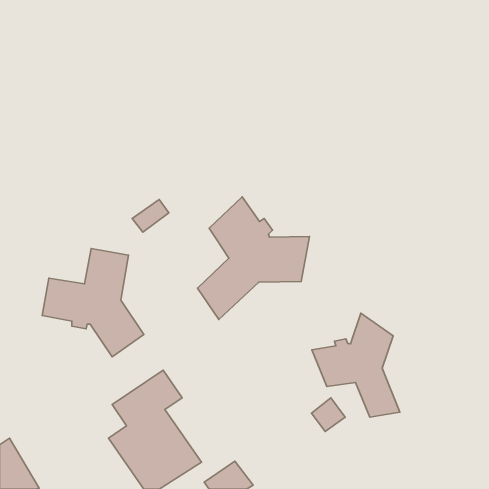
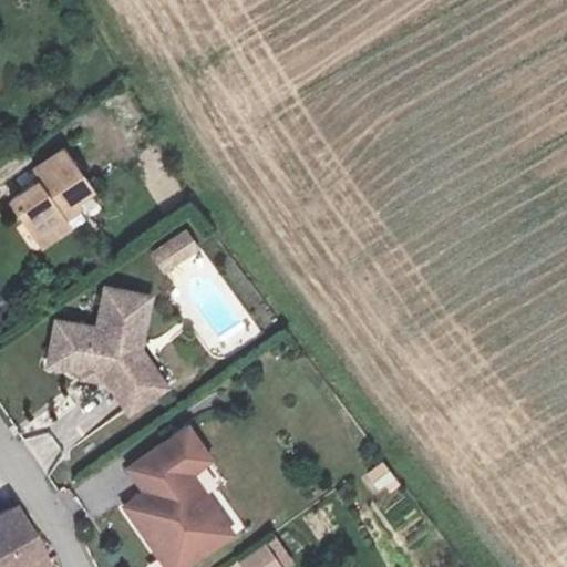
building: none -> [13,154,84,246]
building: [197,197,310,320] -> none
building: [312,313,400,417] -> none

